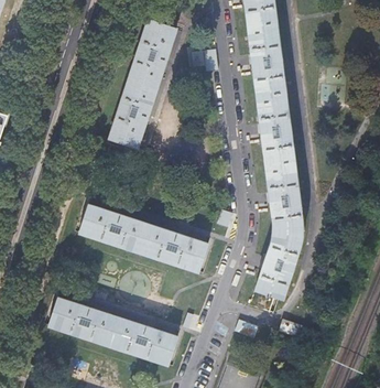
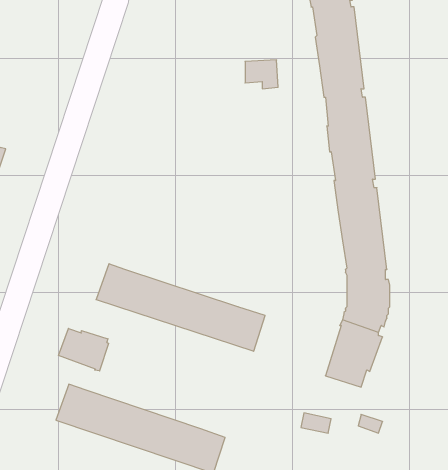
building: [109,20,176,150] -> none
building: none -> [58,328,109,371]

